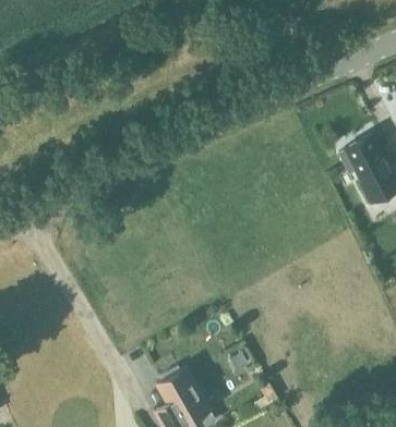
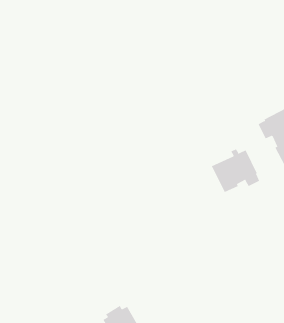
building: none -> [211,148,260,193]

